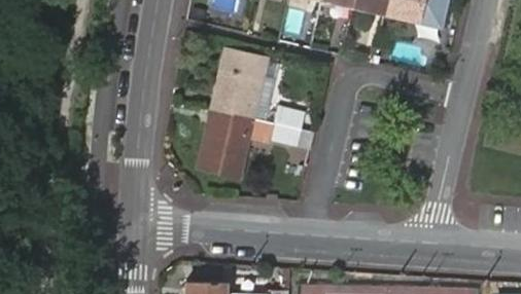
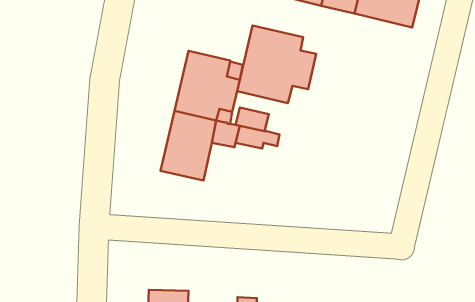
building: none -> [237,25,316,103]

